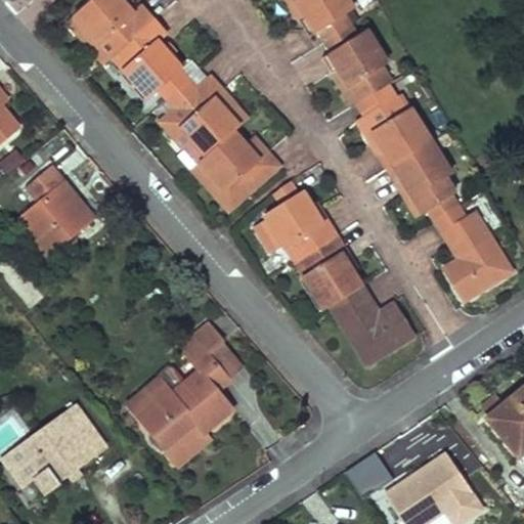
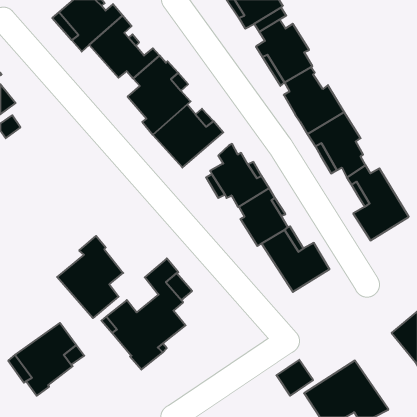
building: [16,166,94,257] -> none
building: none -> [57,236,123,318]

